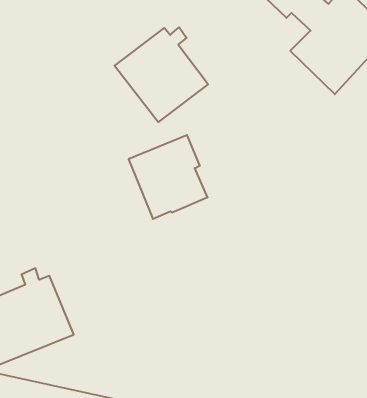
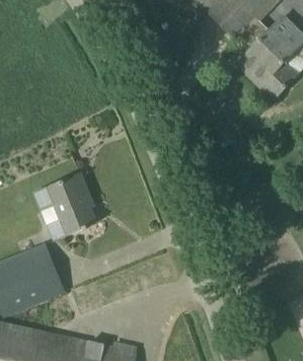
building: [114,27,208,122] -> none
building: [129,135,208,219] -> [33,174,96,241]

